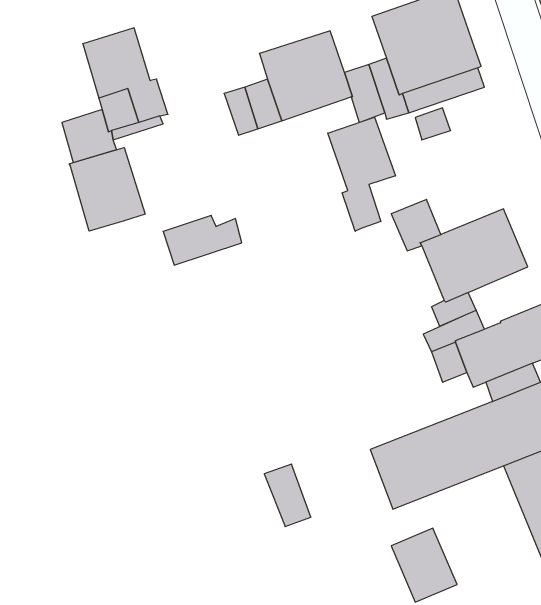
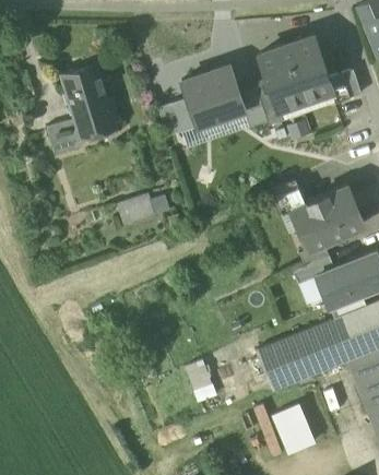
building: none -> [328,70,362,104]
building: [328,117,395,231] -> none
building: [69,148,145,231] -> none

